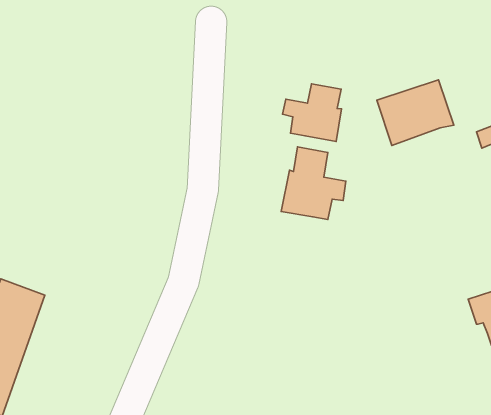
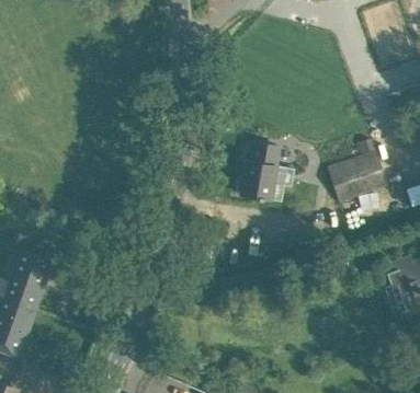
building: [377,80,454,146] -> [328,148,389,200]
building: [282,84,341,142] -> none

